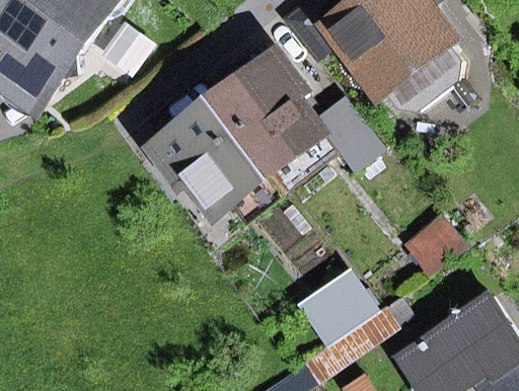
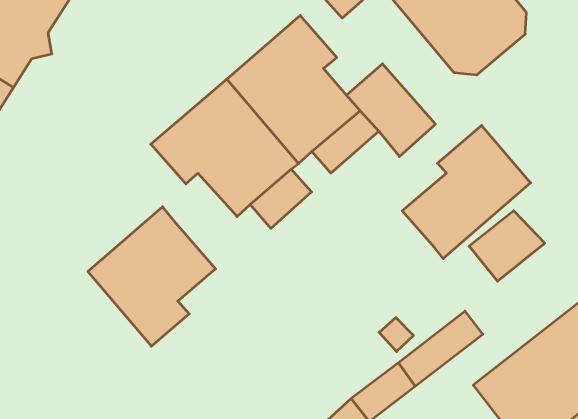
building: none -> [402,125,531,259]
building: none -> [88,207,216,346]

